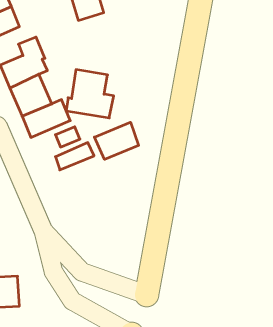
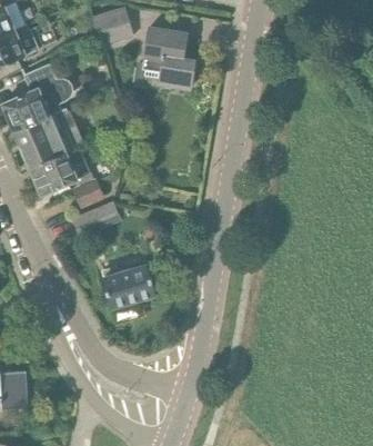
building: [66,70,114,118] -> [135,27,195,88]
building: [94,122,139,159] -> none
building: none -> [105,264,155,307]

